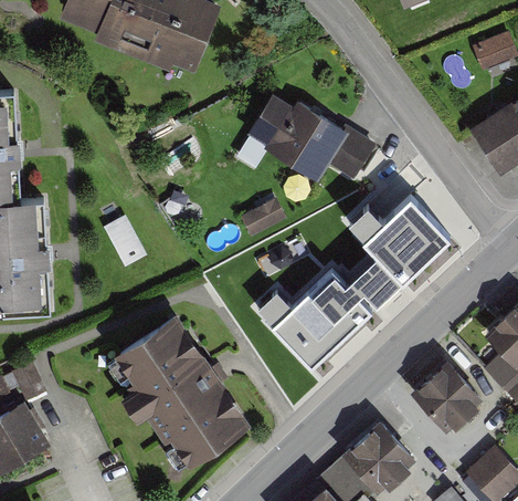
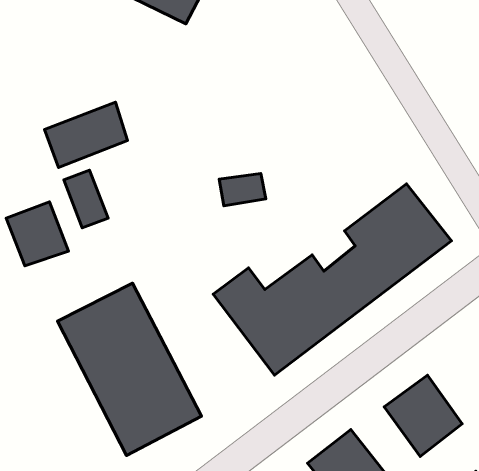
building: [247,96,368,179] -> none
building: none -> [44,102,128,167]
building: none -> [6,202,68,266]

